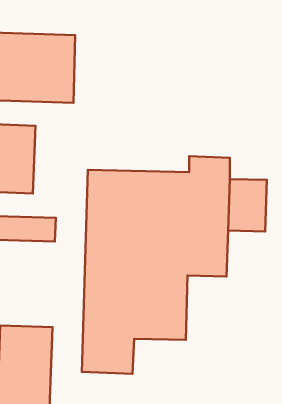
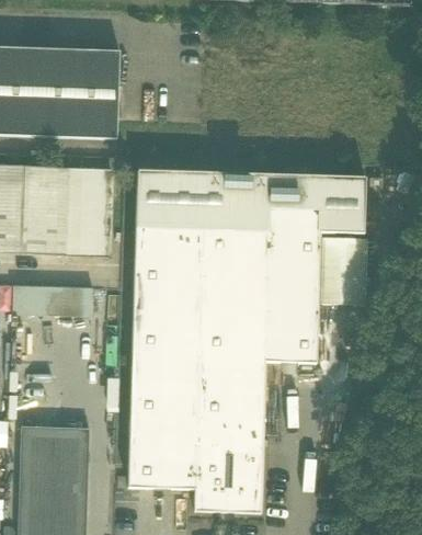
building: none -> [64,167,111,255]
building: none -> [135,169,364,232]
building: none -> [193,443,262,512]

